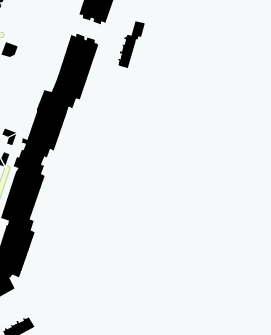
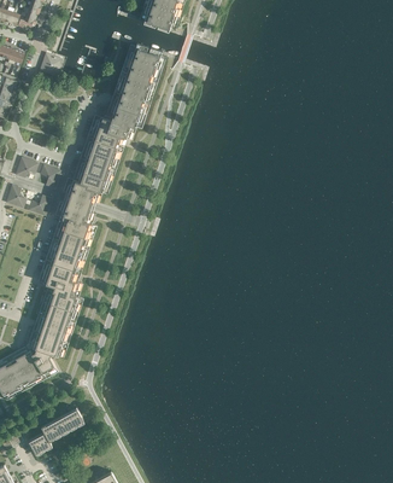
building: [118,20,146,69] -> none

